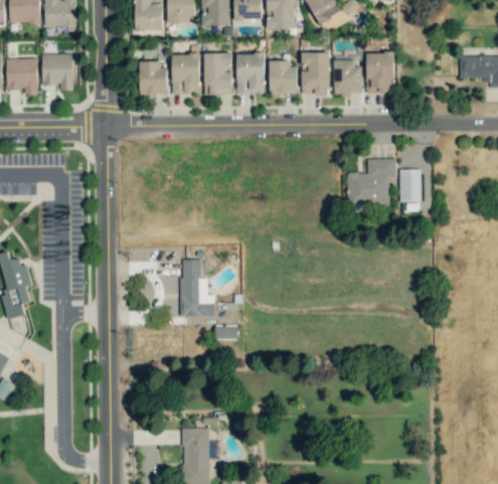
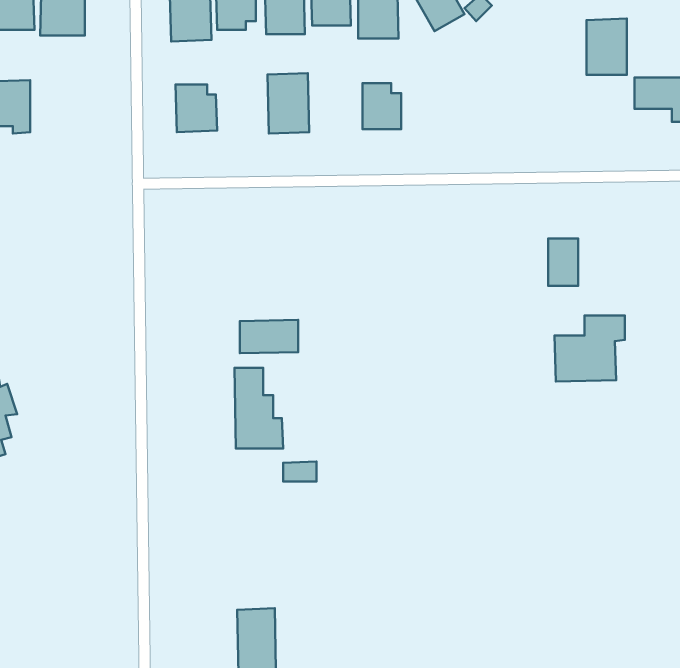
building: [172,47,200,95] -> none
building: [301,52,329,95] -> none
building: [366,52,394,92] -> [586,19,627,75]
building: [236,53,266,94] -> none
building: [42,54,73,92] -> none
building: [333,56,362,95] -> none
building: [346,159,395,205] -> [554,315,625,382]
building: none -> [240,320,298,353]

